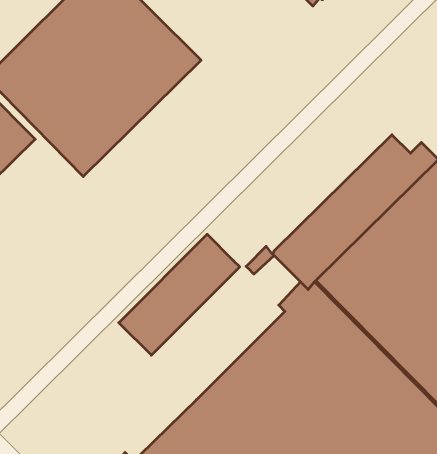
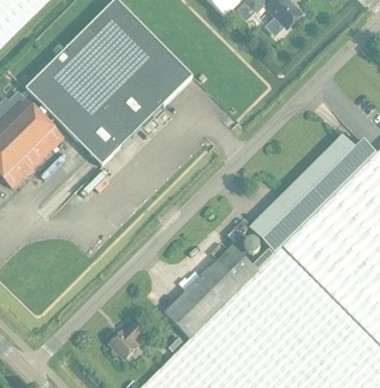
building: [119,234,240,355] -> [164,244,257,338]
building: none -> [108,322,143,358]

